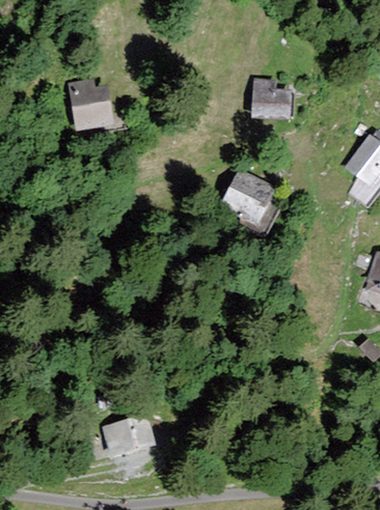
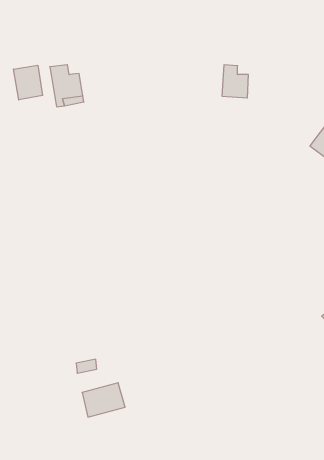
building: none -> [14,65,43,100]
building: [222,171,267,220] -> none

